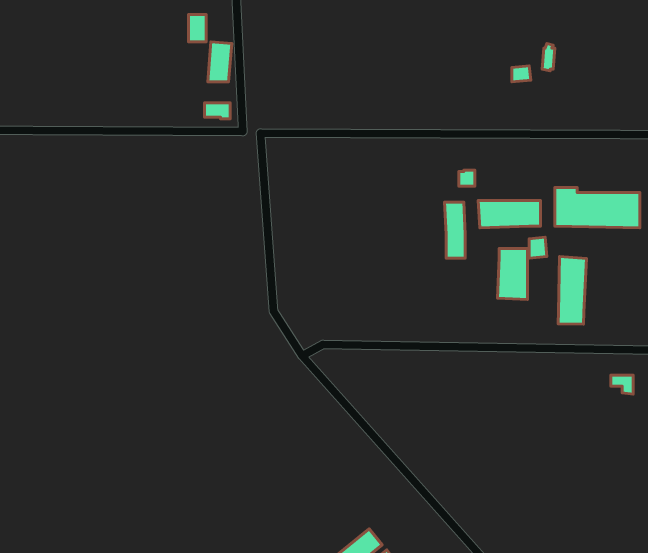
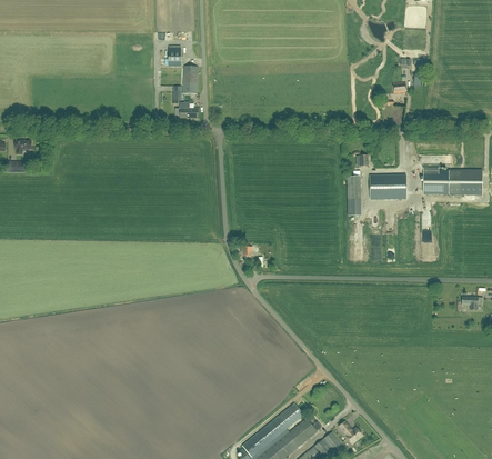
building: [498,249,527,299] -> none
building: [558,256,586,324] -> none

